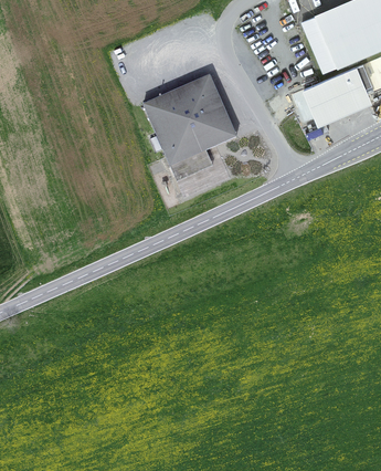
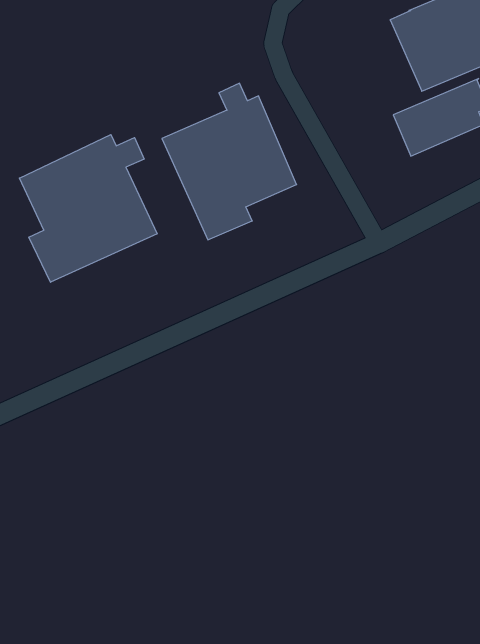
building: none -> [19,135,157,282]

